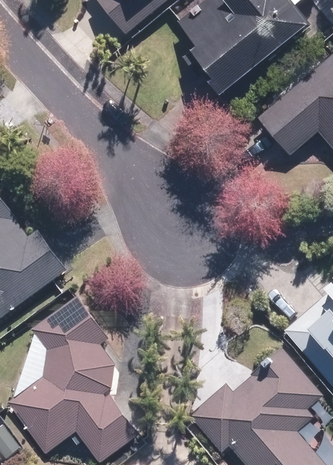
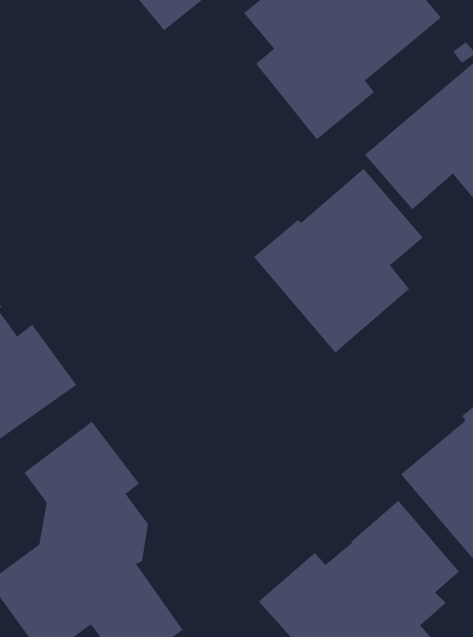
building: none -> [253,168,424,353]

